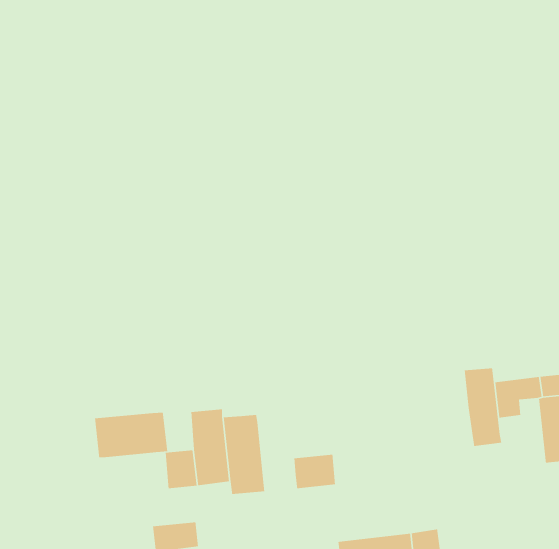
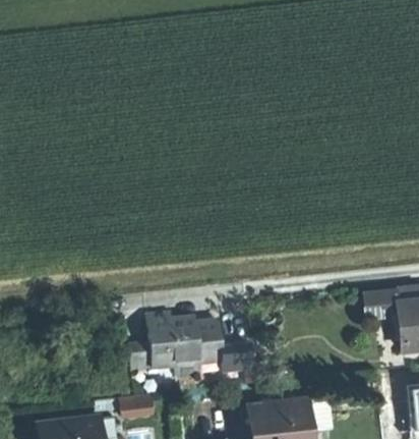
building: [464,367,502,447] -> none
building: [94,412,168,458] -> none
building: none -> [194,321,221,364]

